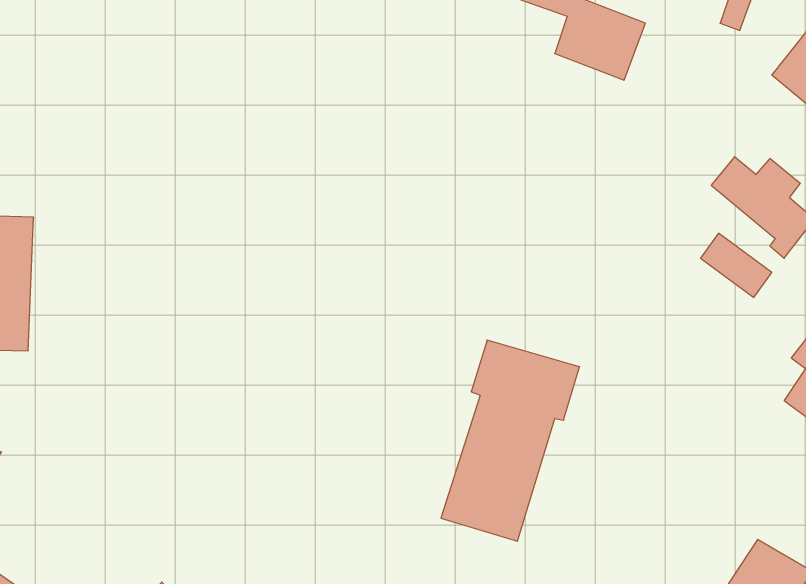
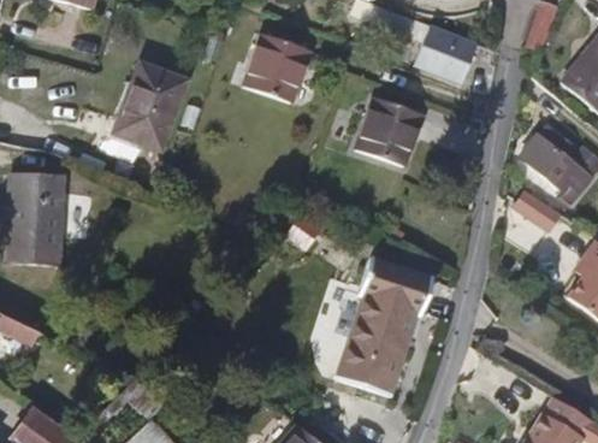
building: none -> [245,33,313,102]
building: none -> [112,63,189,148]
building: none -> [356,98,421,166]

